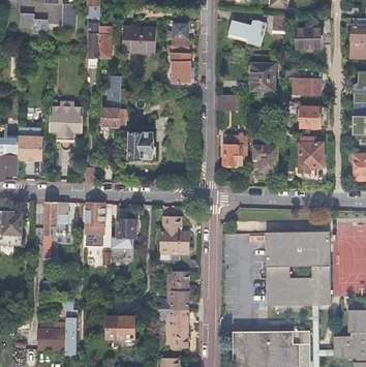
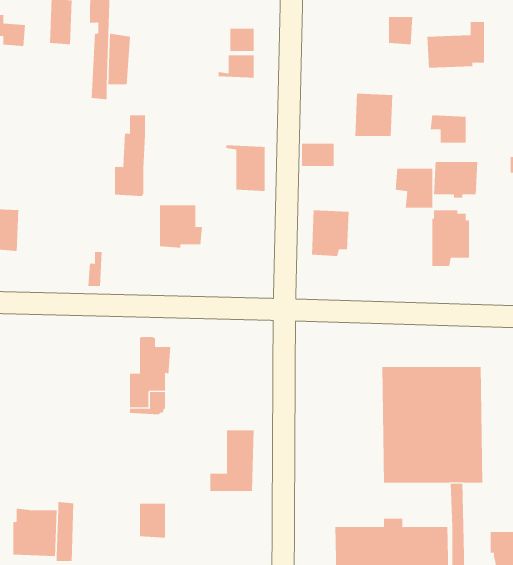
building: [227,19,265,45] -> none
building: [122,27,155,54] -> none
building: [165,53,190,82] -> [226,145,266,192]
building: [51,100,83,148] -> none
building: [252,146,276,171] -> [395,168,433,208]
building: [41,203,68,270] -> none
building: [84,204,104,247] -> none
building: [158,215,188,258] -> none
building: [160,310,187,347] -> none

